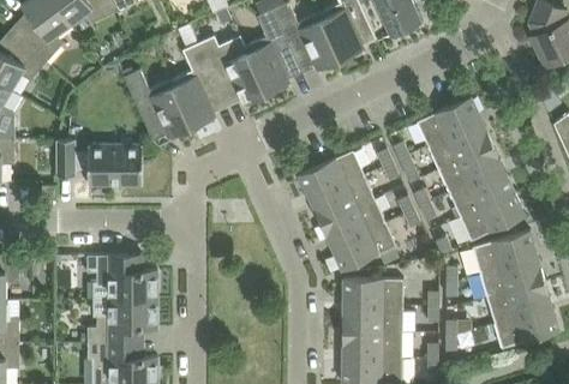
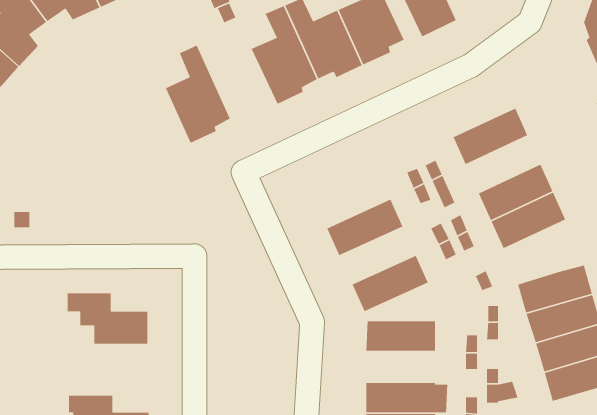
building: [198,36,266,107] -> none
building: [124,70,192,142] -> none
building: [427,121,492,170] -> none
building: [55,140,142,186] -> none
building: [298,151,364,200] -> none
building: [460,193,525,242] -> none
building: [319,199,385,248] -> none
building: [88,300,157,343] -> none
building: [342,306,402,332] -> none

